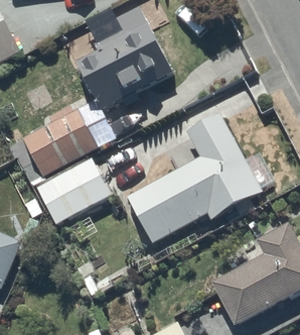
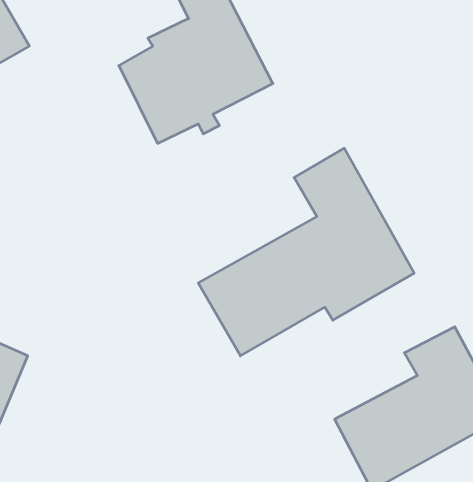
building: [15,105,99,176] -> none
building: [38,158,112,225] -> none

